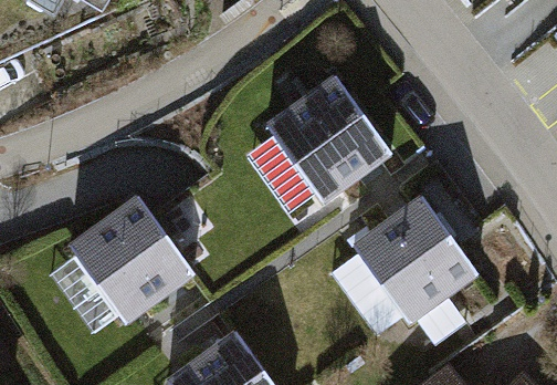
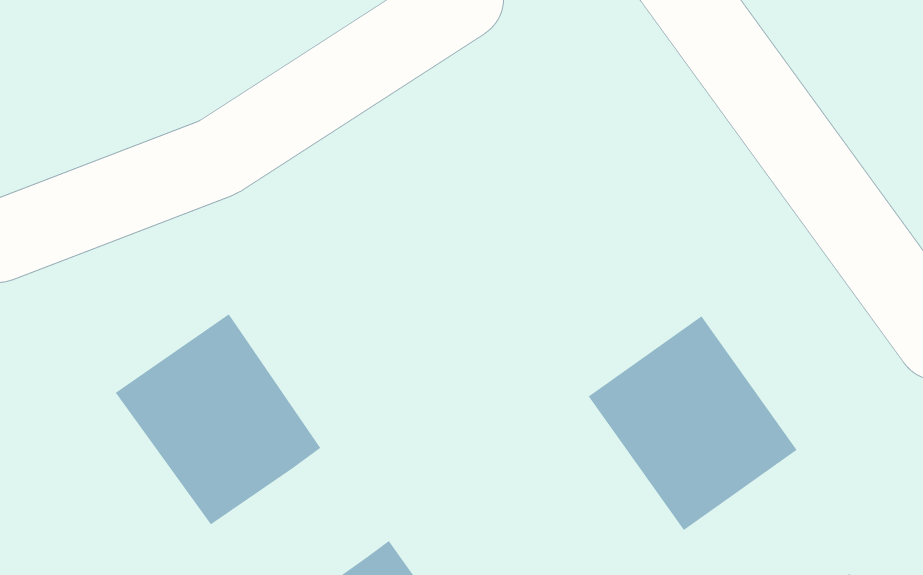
building: [264,80,390,208] -> none

